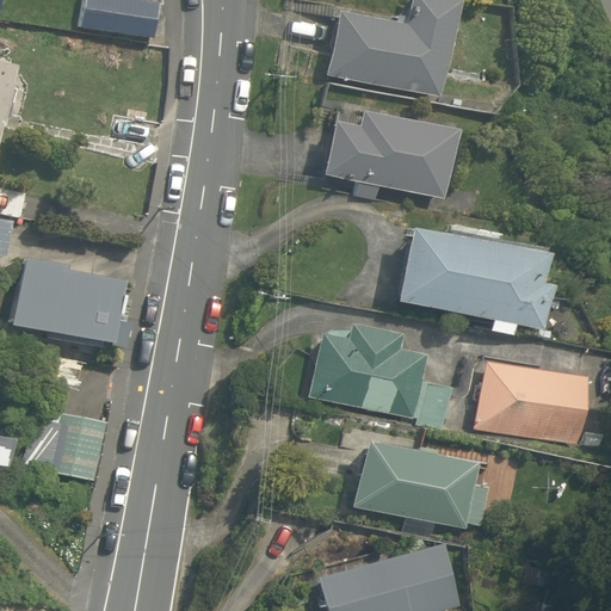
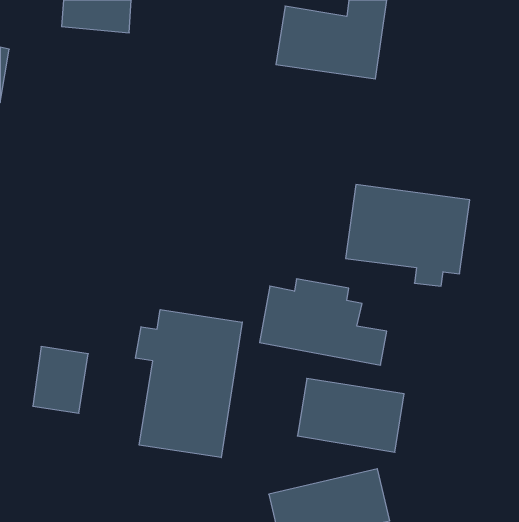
building: [325,105,459,200] -> none
building: [14,257,128,344] -> none
building: [470,342,593,444] -> none
building: none -> [136,310,242,458]

